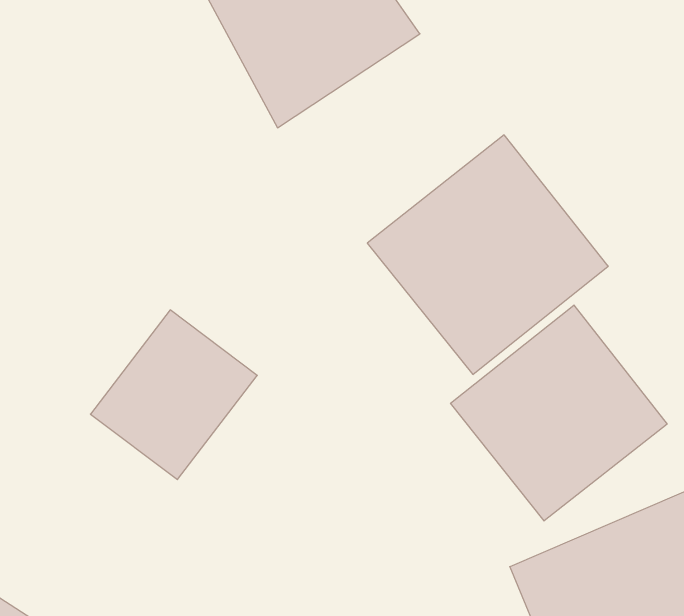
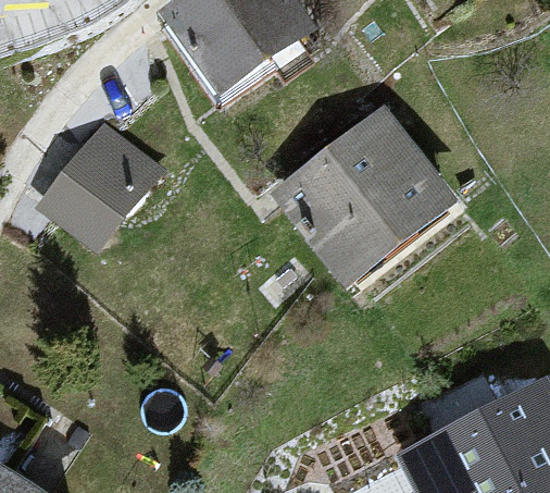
building: [451,305,667,521] -> none
building: [90,310,257,480] -> [34,120,161,249]

